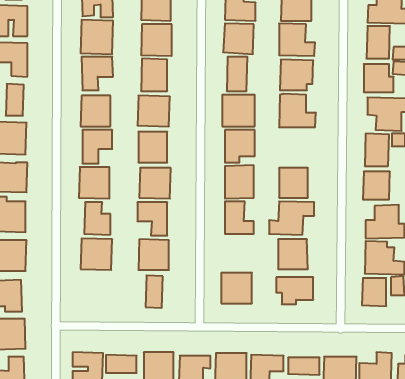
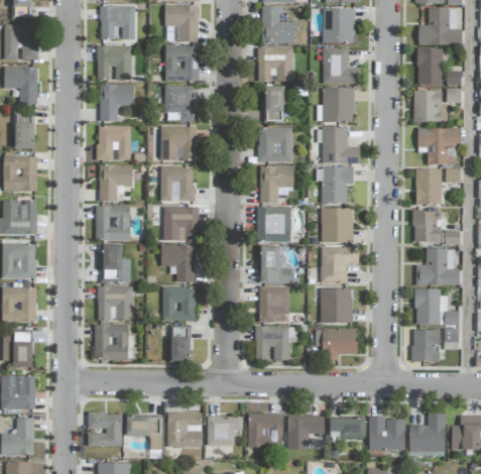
building: none -> [322,164,354,203]
building: none -> [259,284,289,321]
building: none -> [95,324,135,359]

